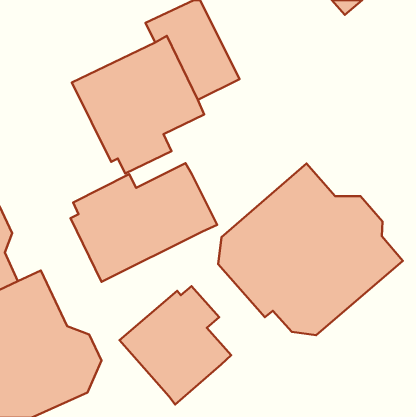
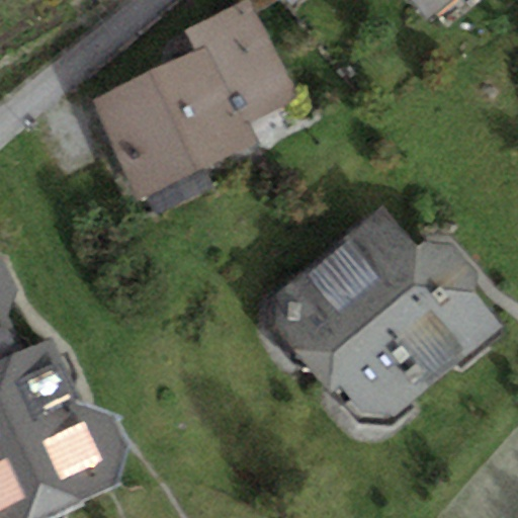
building: [71,163,217,282] -> none
building: [119,286,231,405] -> none

